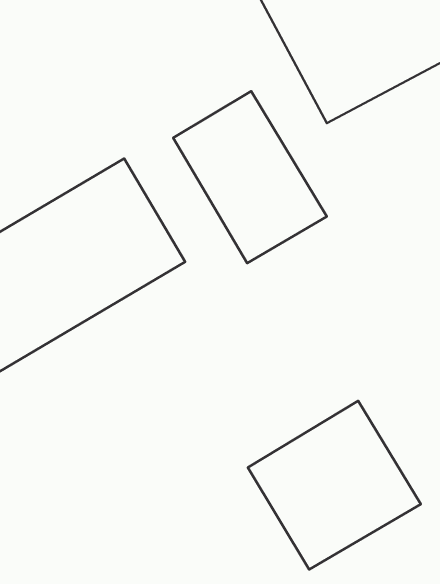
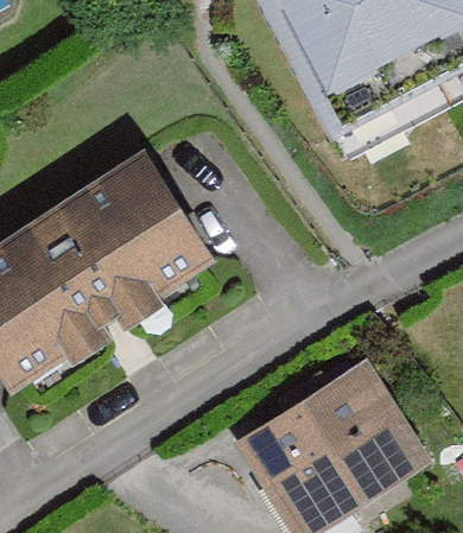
building: [173,91,327,263] -> none

